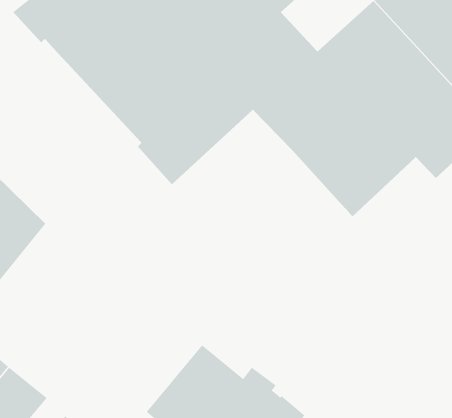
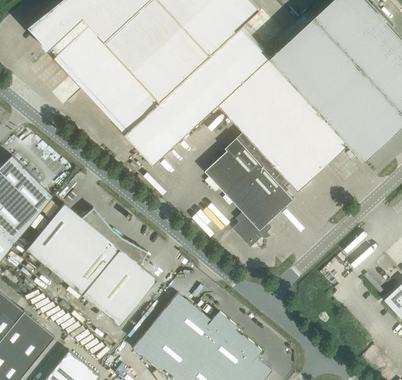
building: none -> [205,138,294,248]
building: none -> [26,204,157,327]

